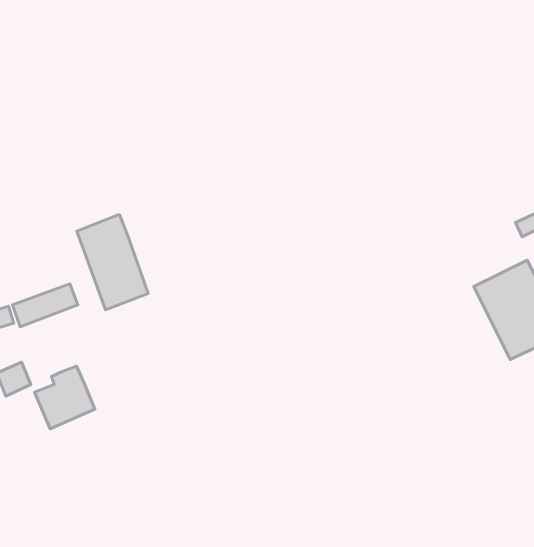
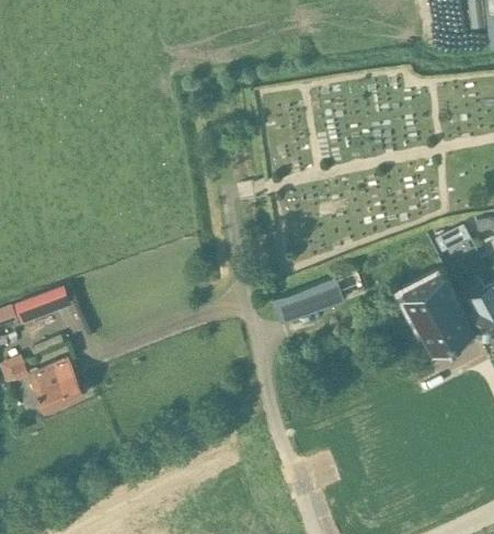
building: [77,215,148,310] -> none
building: none -> [271,276,343,322]

